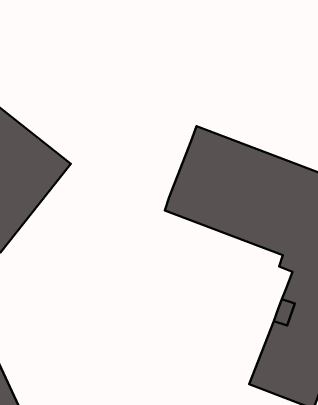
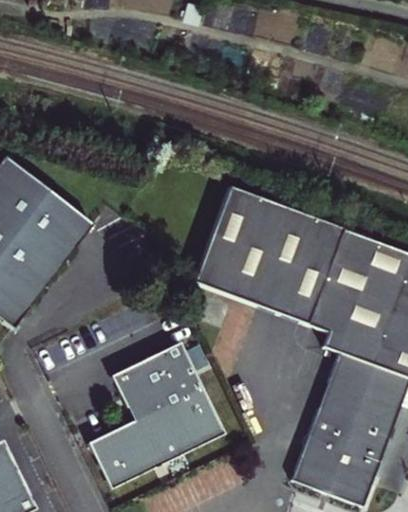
building: none -> [88,342,222,489]

